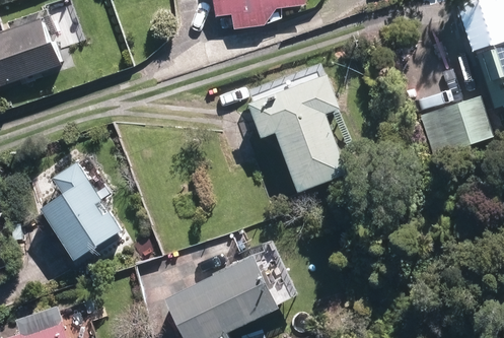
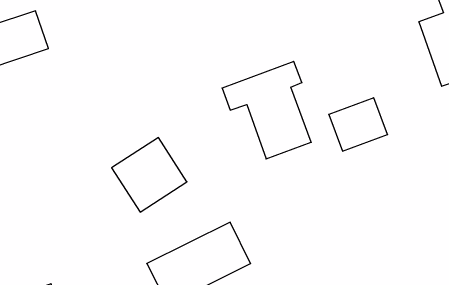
building: [421,95,486,154] -> [329,98,388,151]
building: [39,177,122,259] -> [112,138,187,212]

